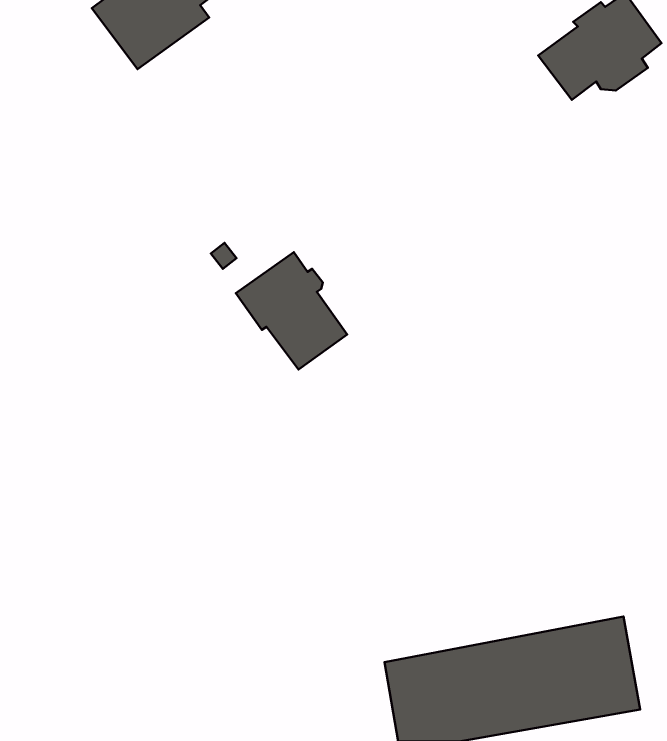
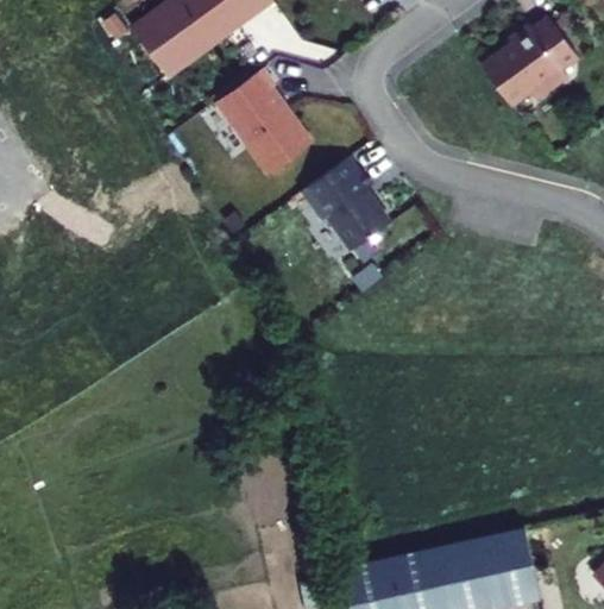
building: none -> [216,74,314,180]
building: [236,252,347,369] -> [303,163,390,255]

